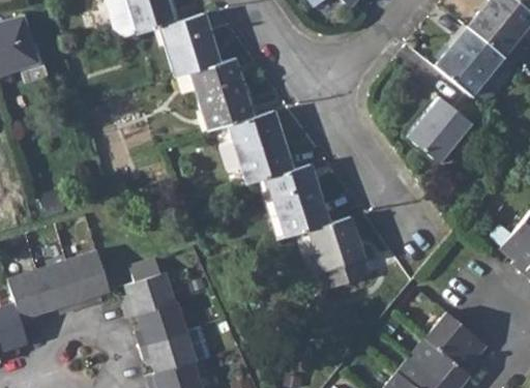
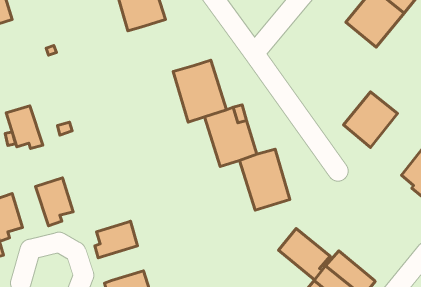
building: [192,58,255,130] -> none
building: [407,96,471,162] -> [343,92,397,148]
building: [124,258,176,318] -> none
building: [38,261,82,311] -> [6,106,43,148]
building: [426,311,488,372] -> [279,228,330,280]
building: [141,326,212,372] -> none

